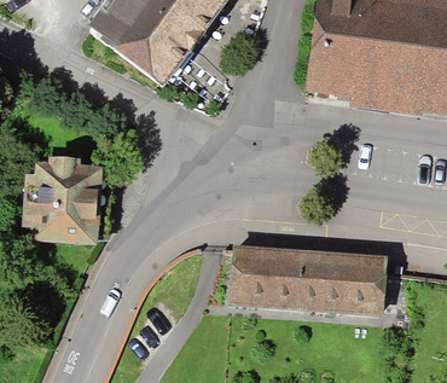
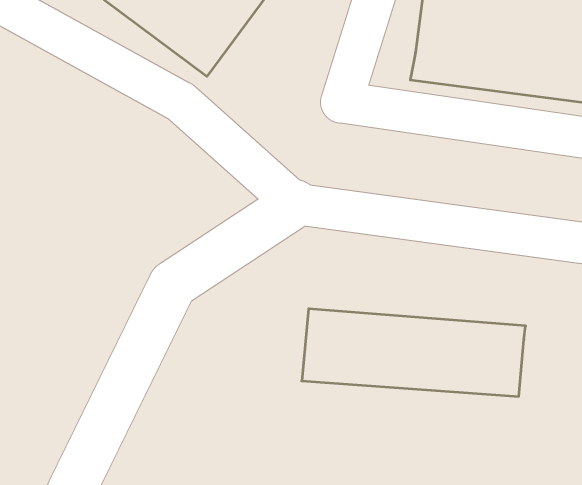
building: [25,159,98,240] -> none

